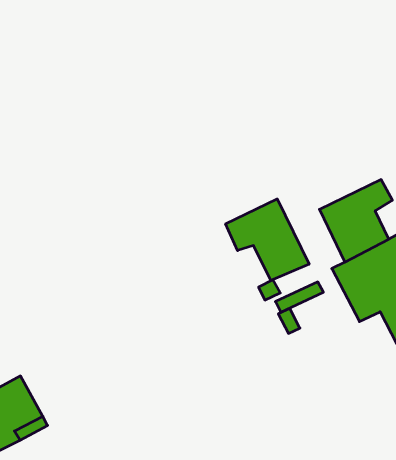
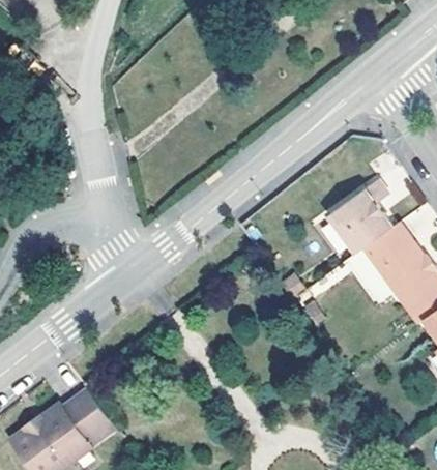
building: [226,199,309,281] -> none

